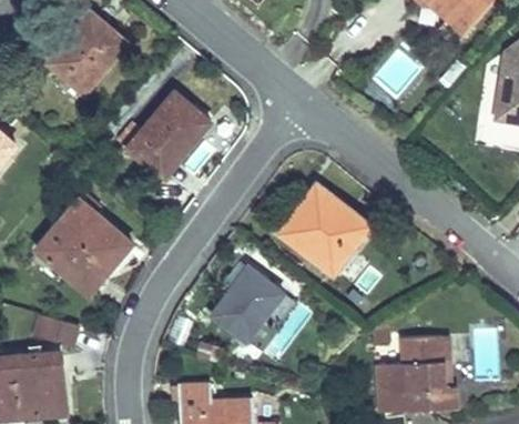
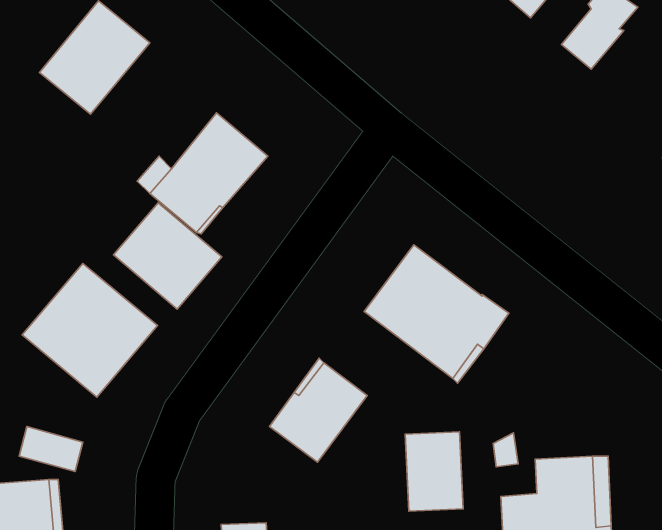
building: none -> [113,203,222,309]
building: none -> [405,432,463,511]

